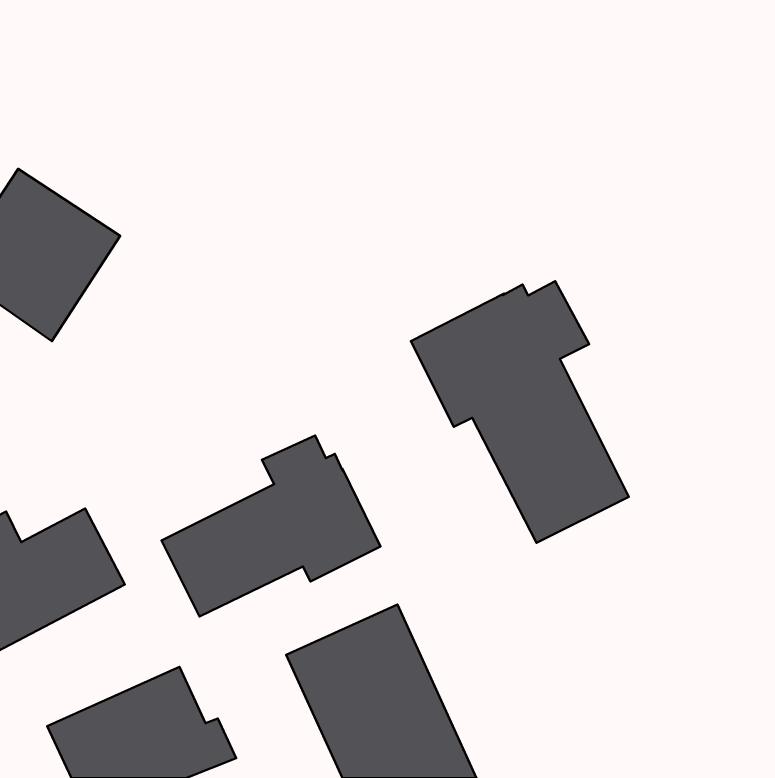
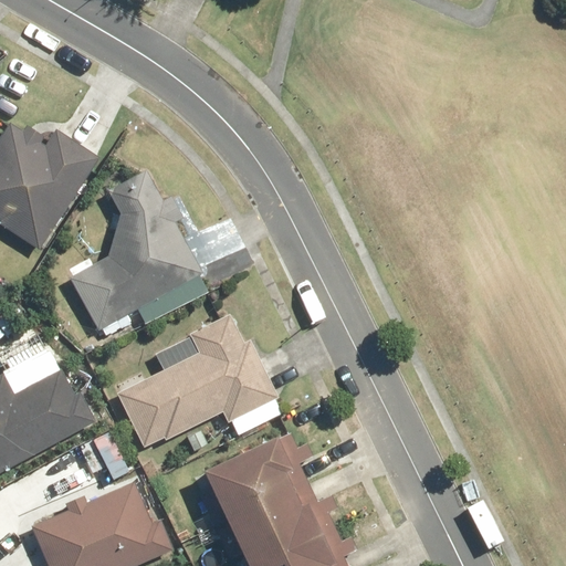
building: none -> [70,175,200,332]
building: [411,281,629,543] -> none

